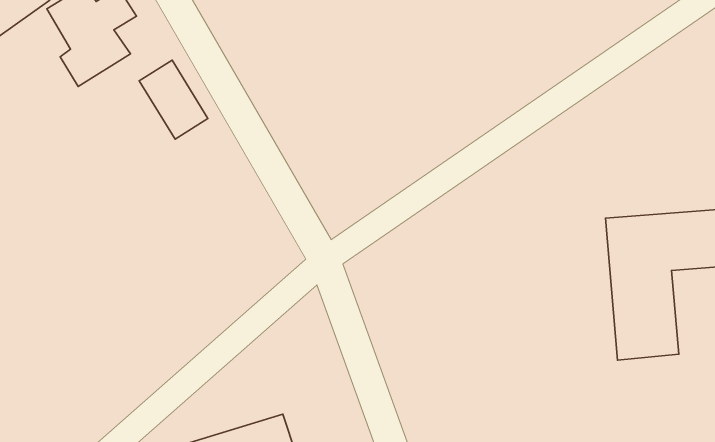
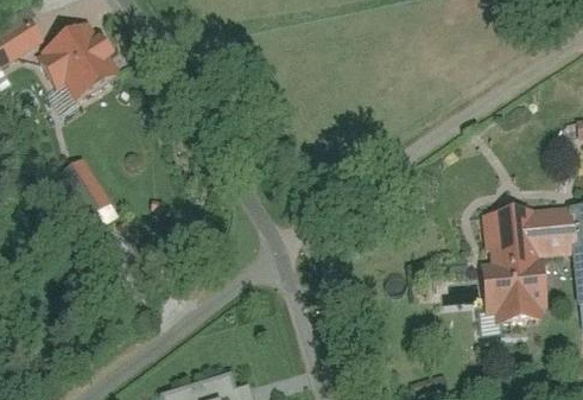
building: [139,60,208,139] -> [59,159,114,222]

